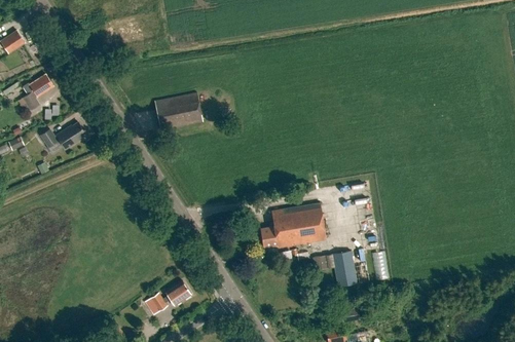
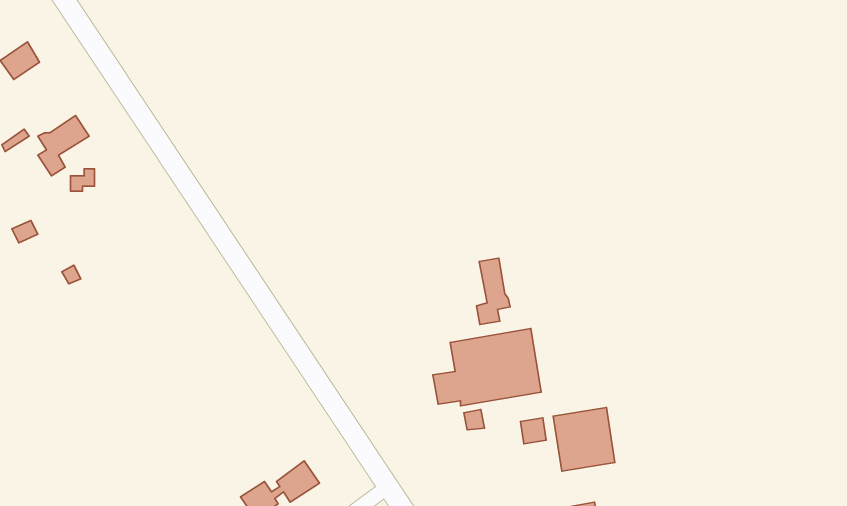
building: [155,99,201,129] -> none
building: [41,122,86,149] -> none
building: none -> [476,258,510,324]

